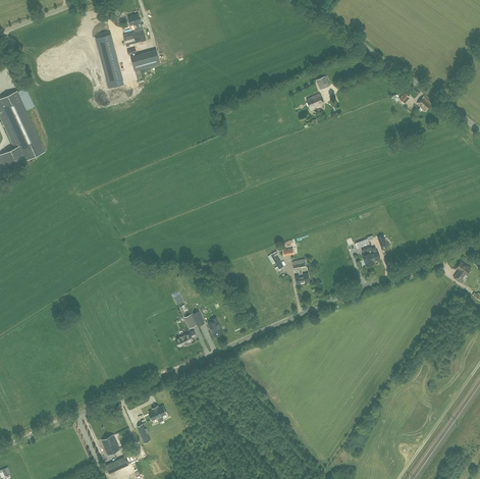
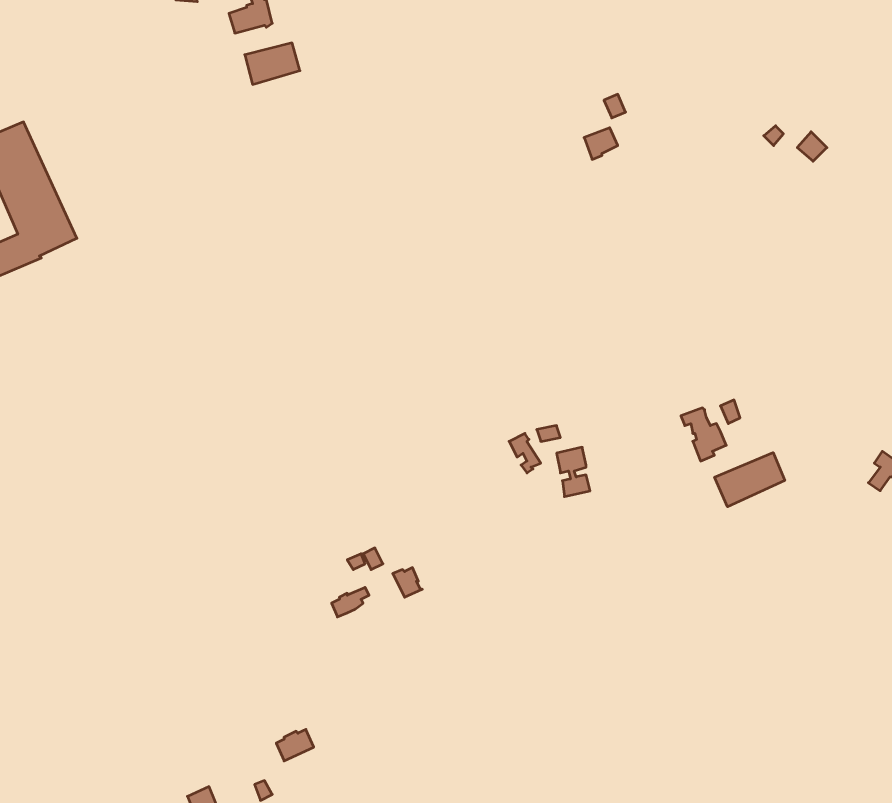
building: [96,33,124,87] -> none
building: none -> [715,453,785,507]

